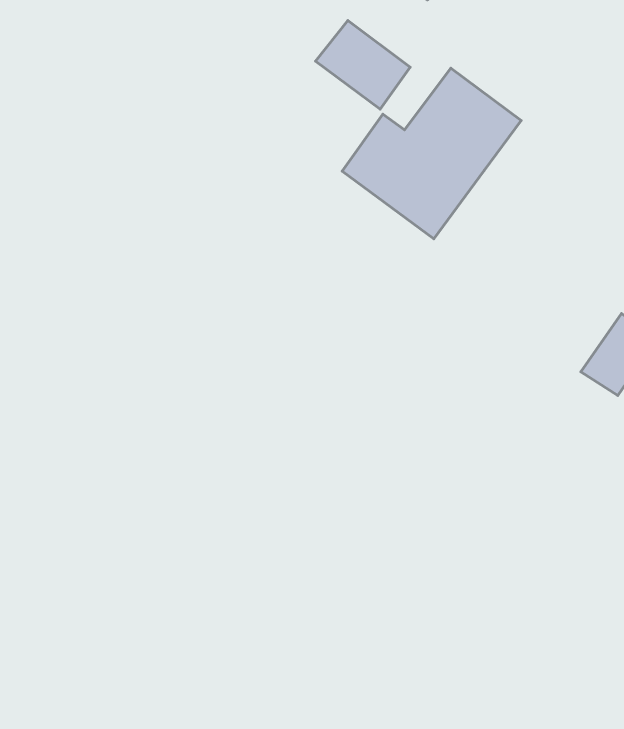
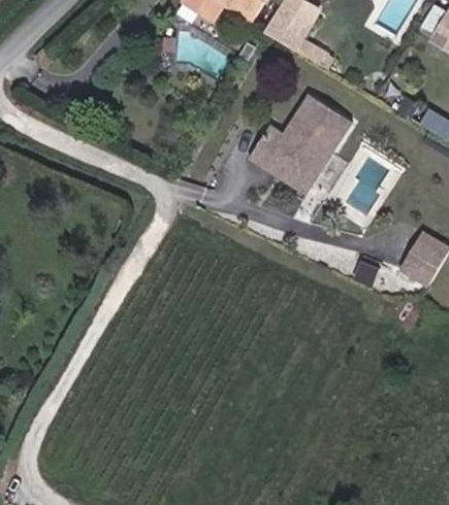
building: [315,20,410,109] -> none

